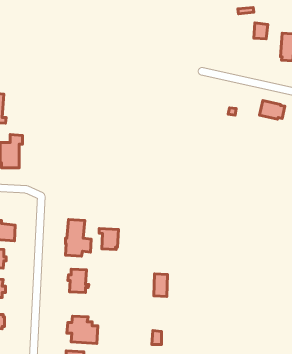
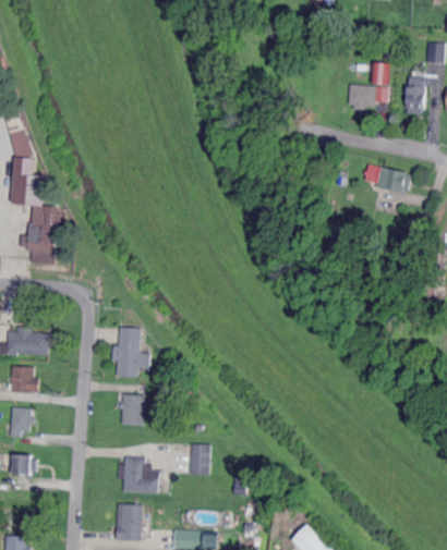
building: none -> [348,84,375,109]
building: [99,228,118,250] -> none
building: [154,274,168,297] -> [191,444,209,475]

